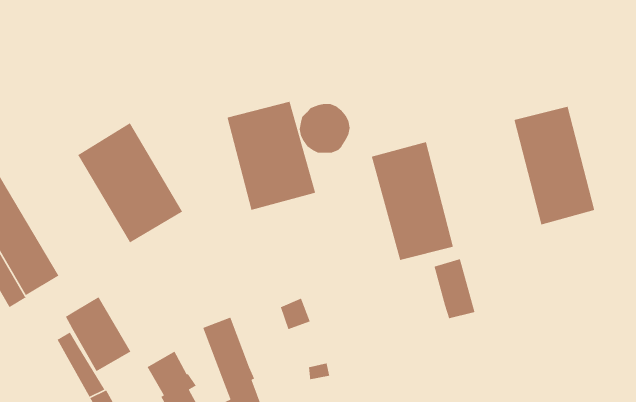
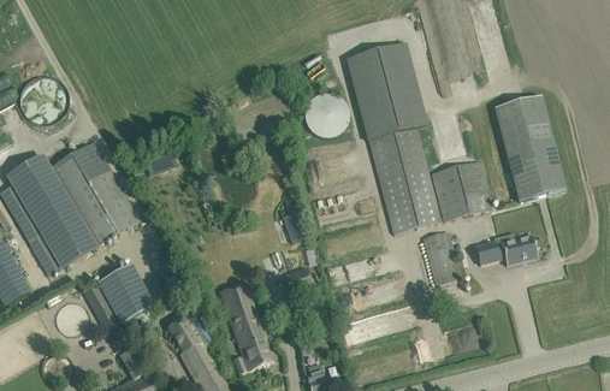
building: [226,101,316,211] -> [345,42,425,140]
building: [77,122,183,243] -> [46,140,140,247]
building: none -> [431,160,491,219]
building: none -> [474,235,539,263]

